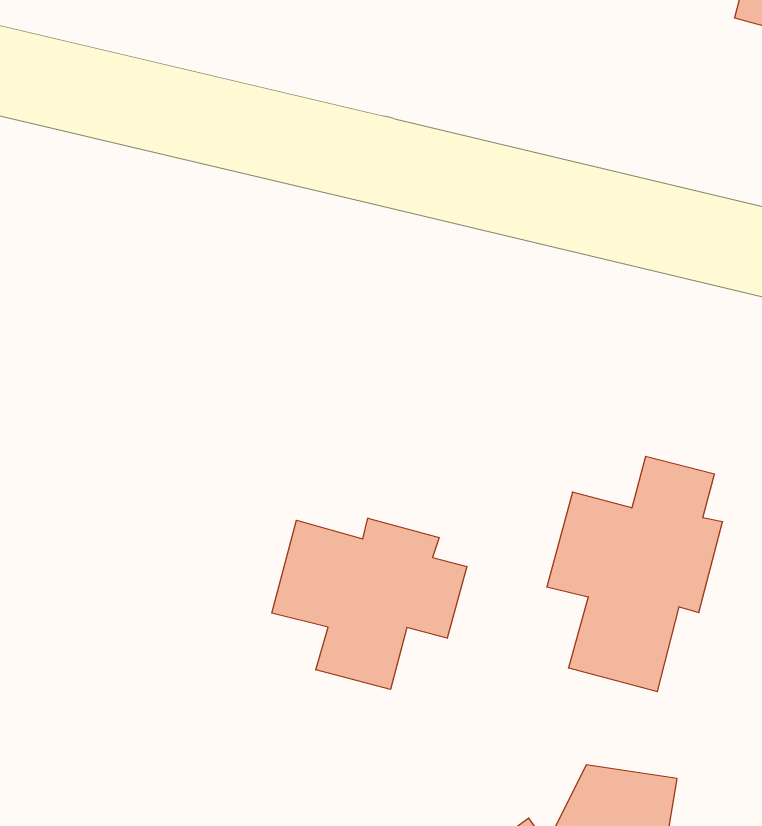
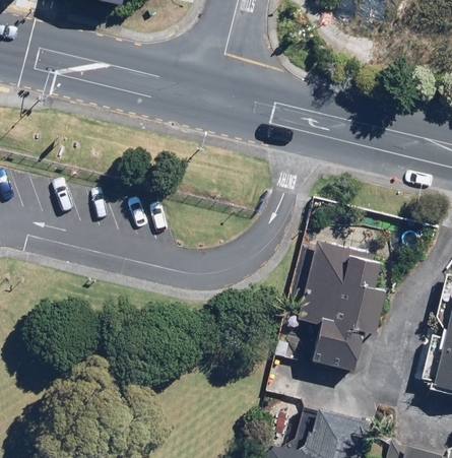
building: [272,518,467,689] -> none

